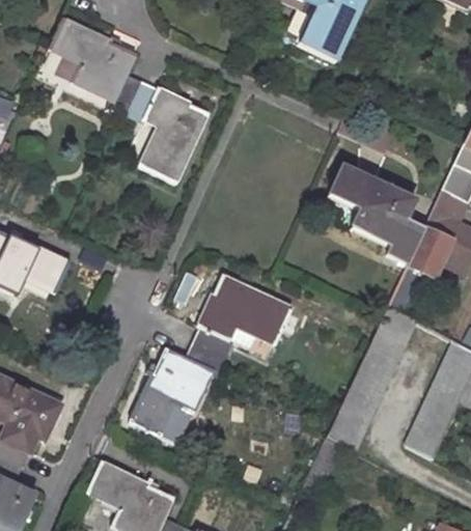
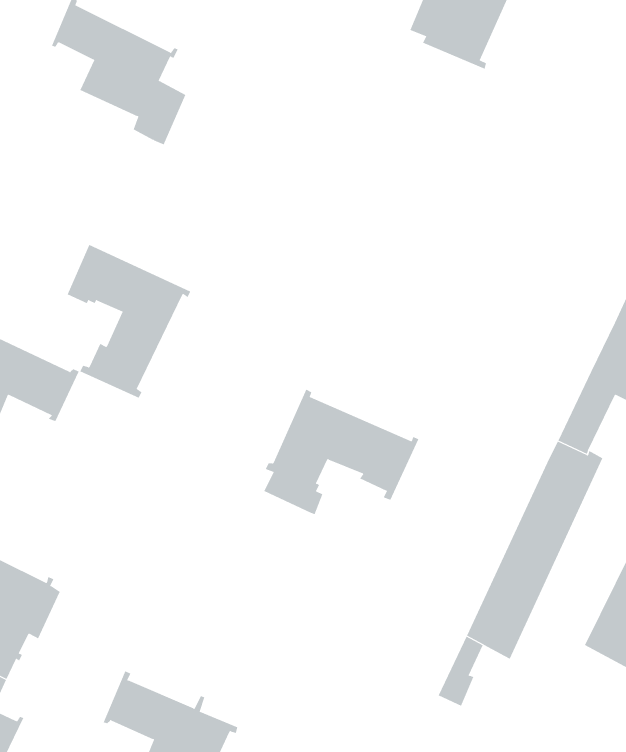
building: [128,79,210,180] -> [67,244,191,398]
building: [327,164,424,261] -> none
building: [129,340,227,437] -> none

